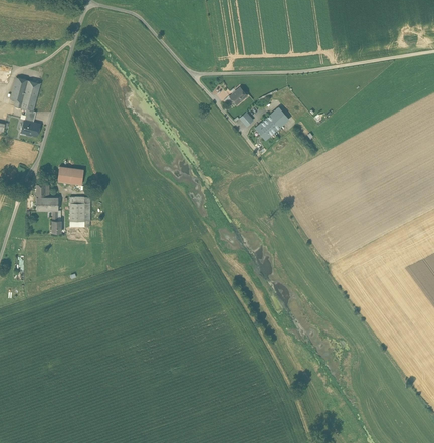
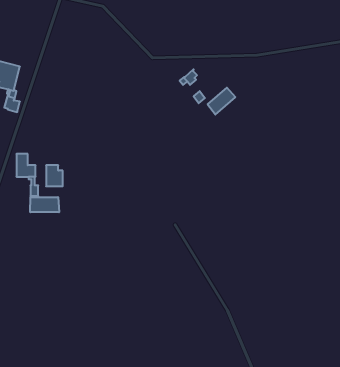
building: [57,166,83,184] -> none
building: none -> [30,197,59,212]

